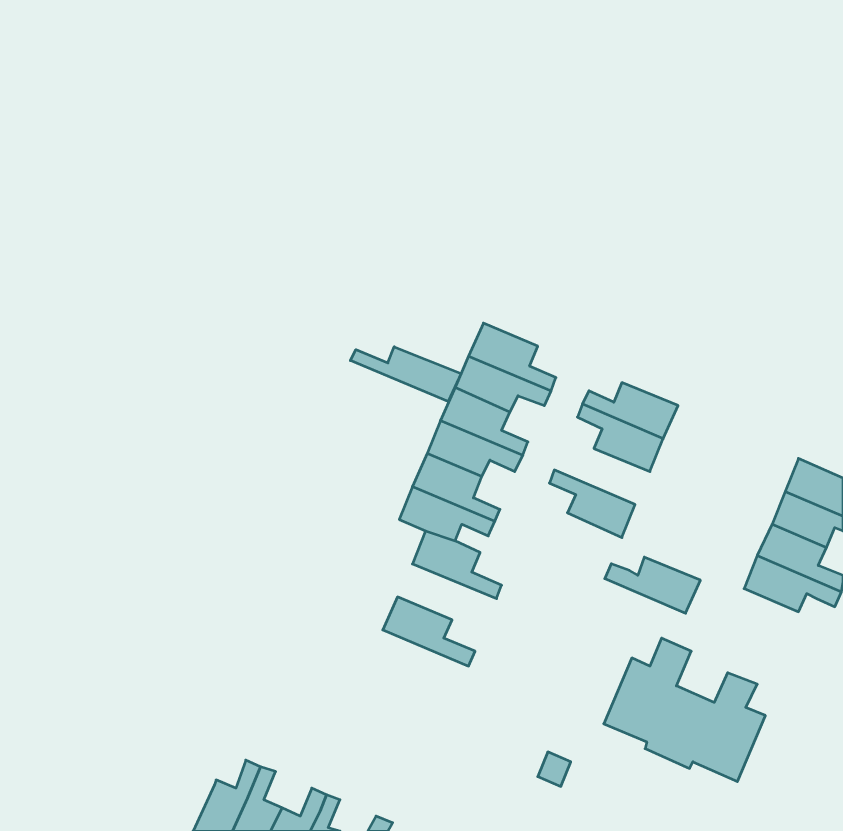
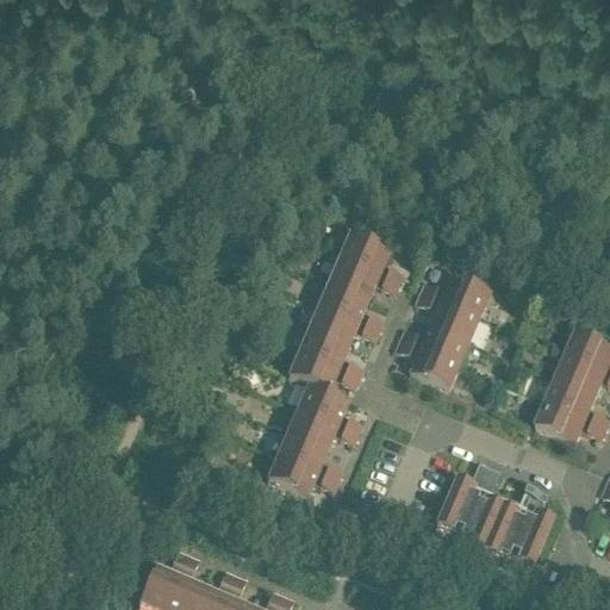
building: [350,347,461,402] -> none
building: [605,557,700,613] -> [400,324,469,365]
building: none -> [287,407,359,448]
building: none -> [267,455,338,496]

